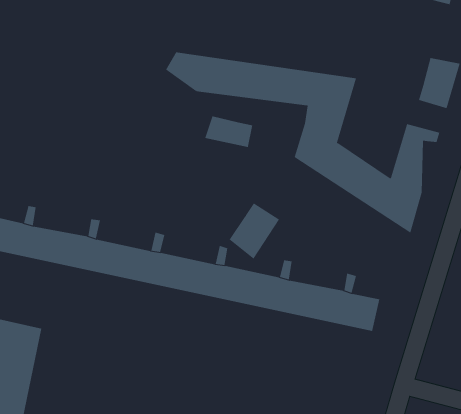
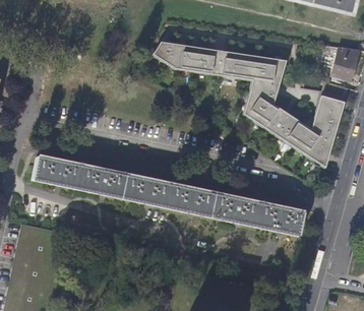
building: [204,116,253,148] -> none
building: [229,202,280,260] -> none

